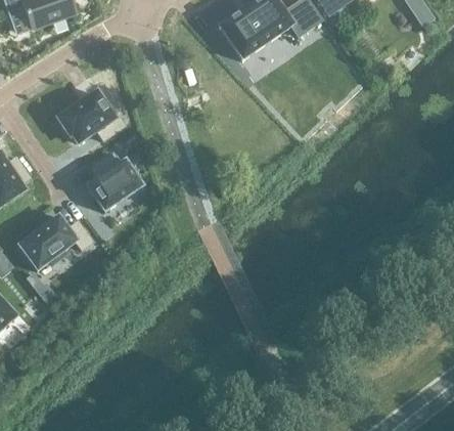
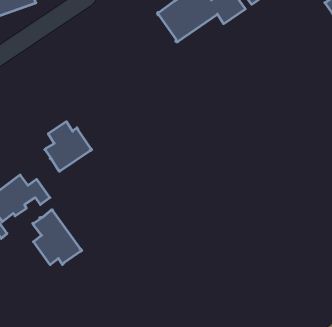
building: [57,91,124,140] -> none
building: none -> [33,210,82,265]

